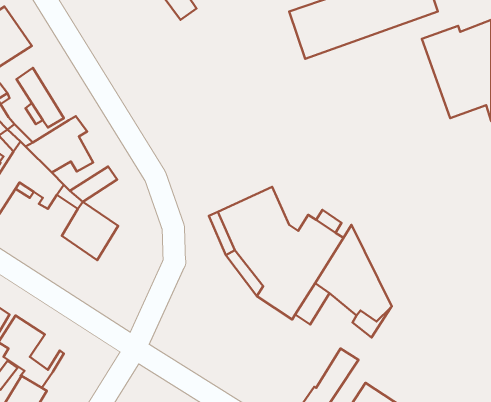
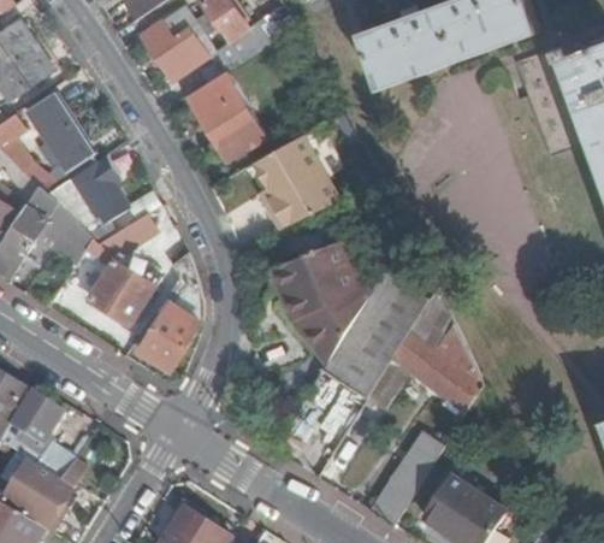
building: none -> [140,22,208,81]
building: none -> [188,70,265,160]
building: none -> [260,137,339,226]
building: none -> [136,253,197,371]

